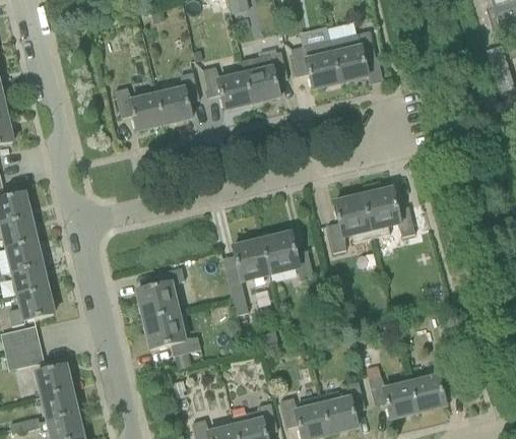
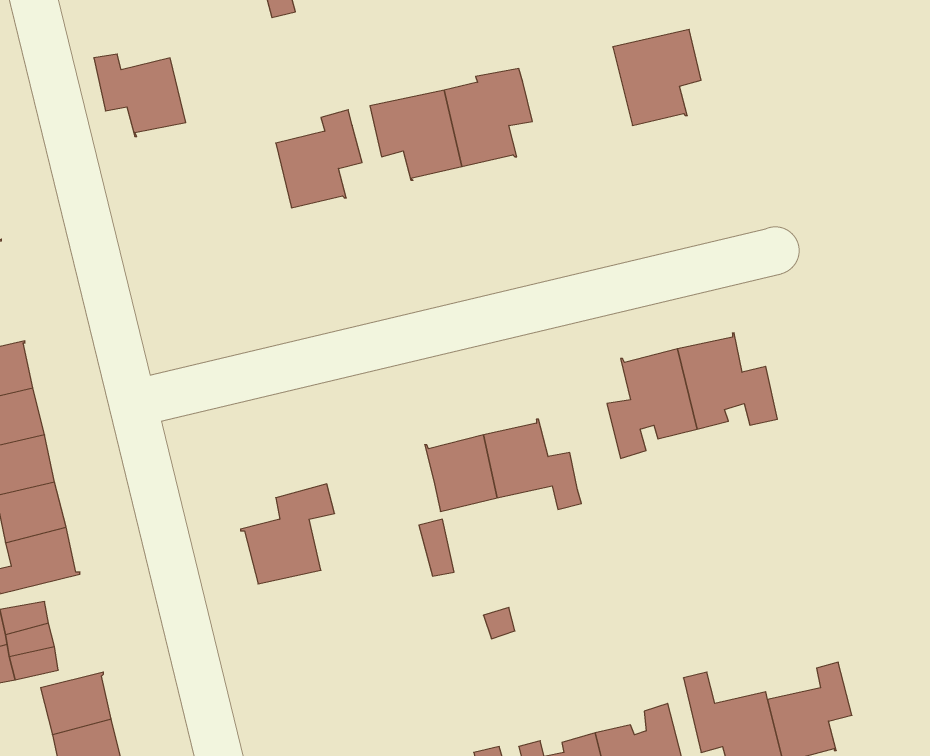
building: [292,40,340,88] -> none
building: [116,87,164,130] -> [94,54,186,136]
building: [146,311,200,355] -> none

